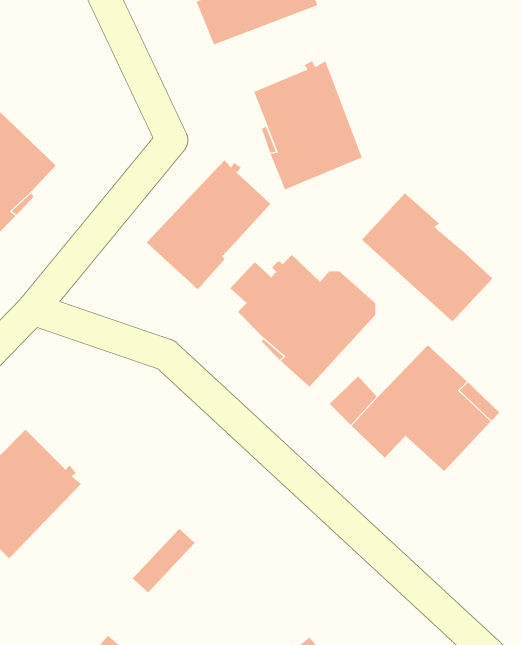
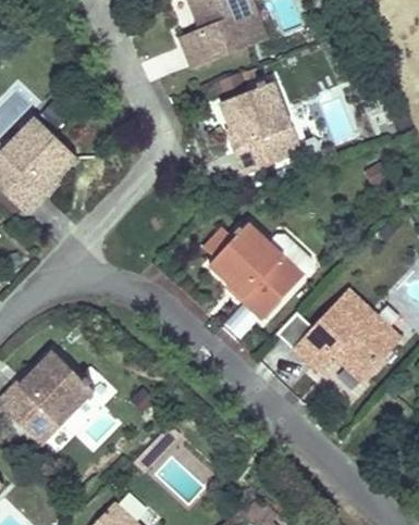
building: [146,159,271,290] -> none
building: [361,192,493,322] -> none

